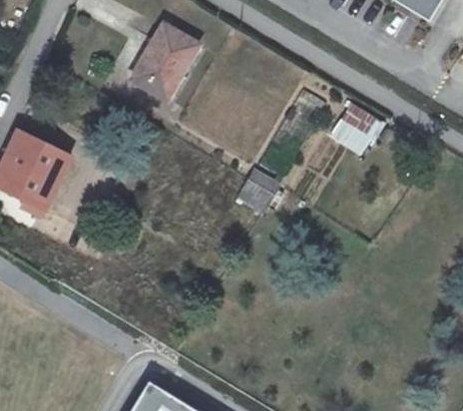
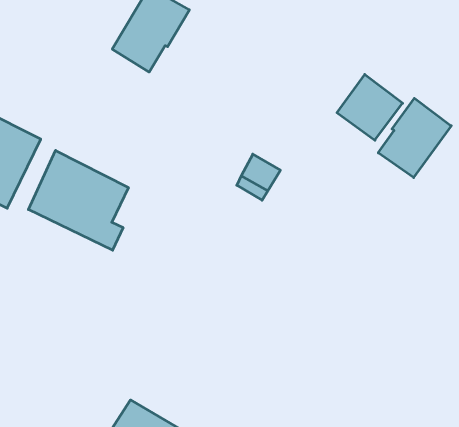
building: none -> [378,98,451,178]
building: none -> [28,150,128,250]

